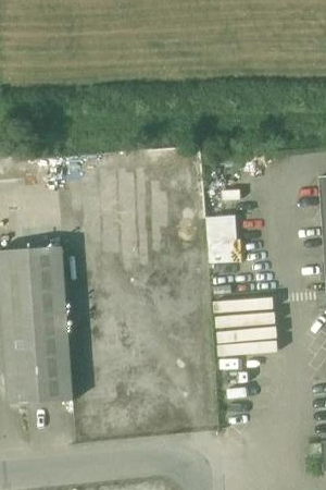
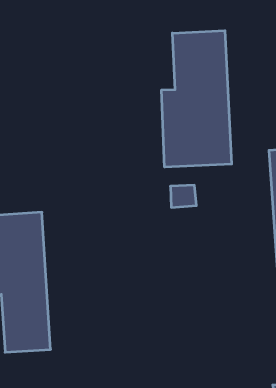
building: none -> [162,31,232,167]

